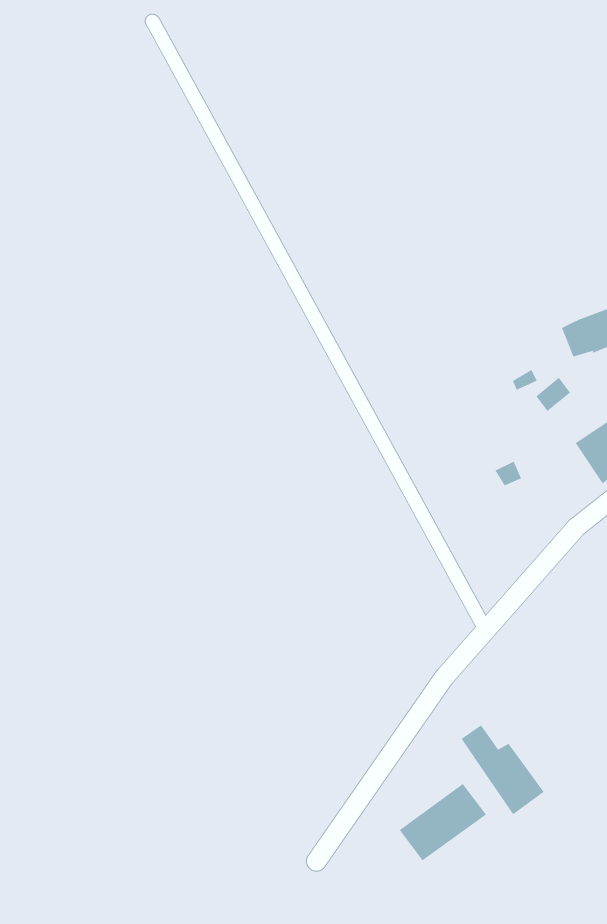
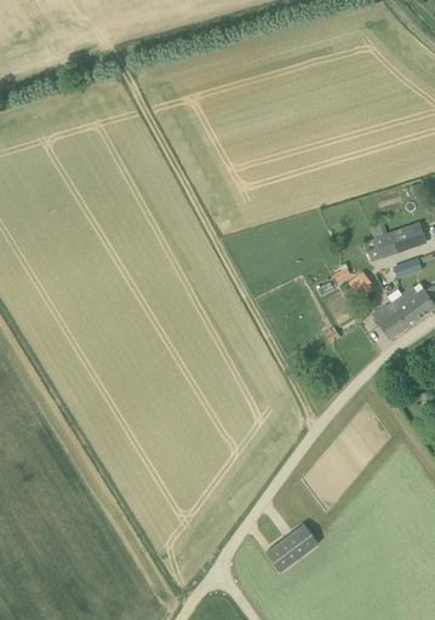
building: [461,724,545,815] -> none

